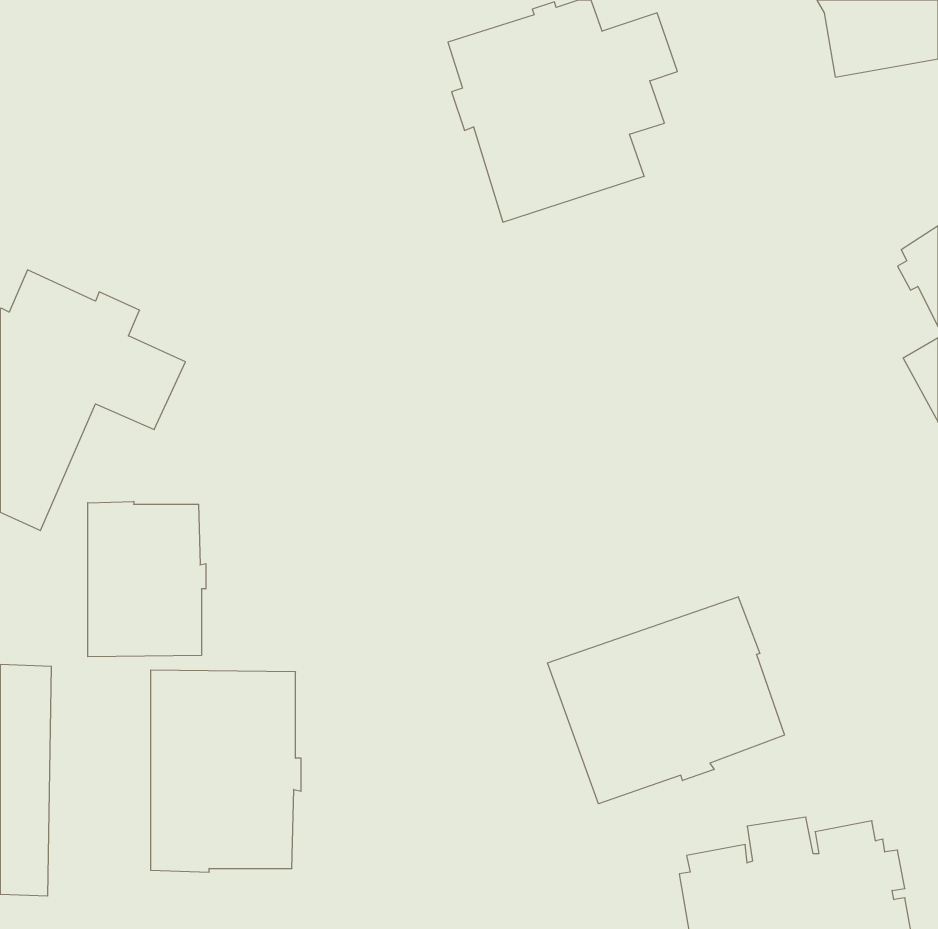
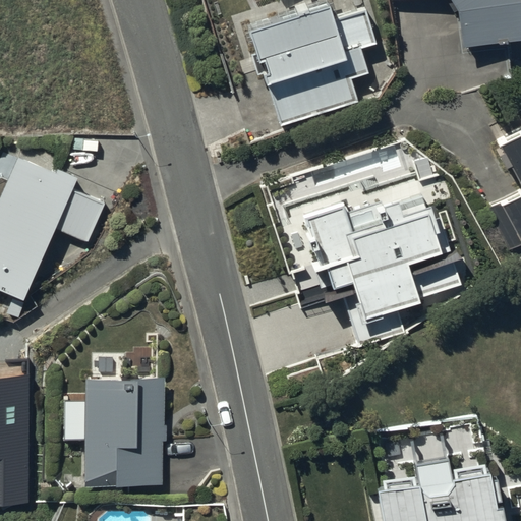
building: none -> [303,196,462,350]
building: [88,501,206,657] -> none
building: [548,597,784,804] -> none

